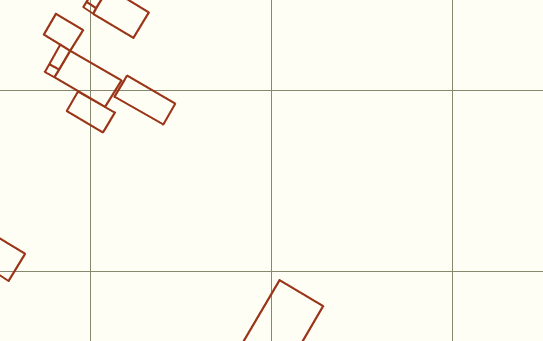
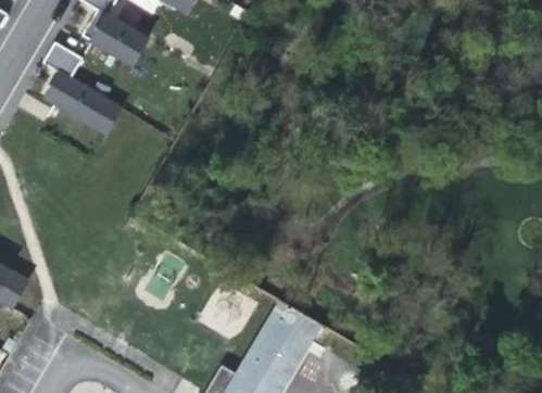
building: [114,76,175,125] -> none
building: [67,92,115,132] -> none

